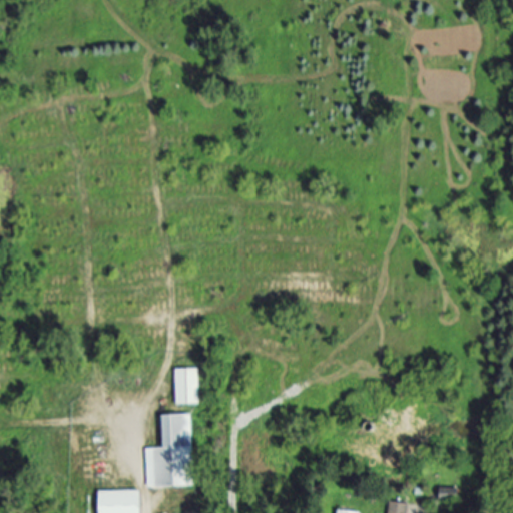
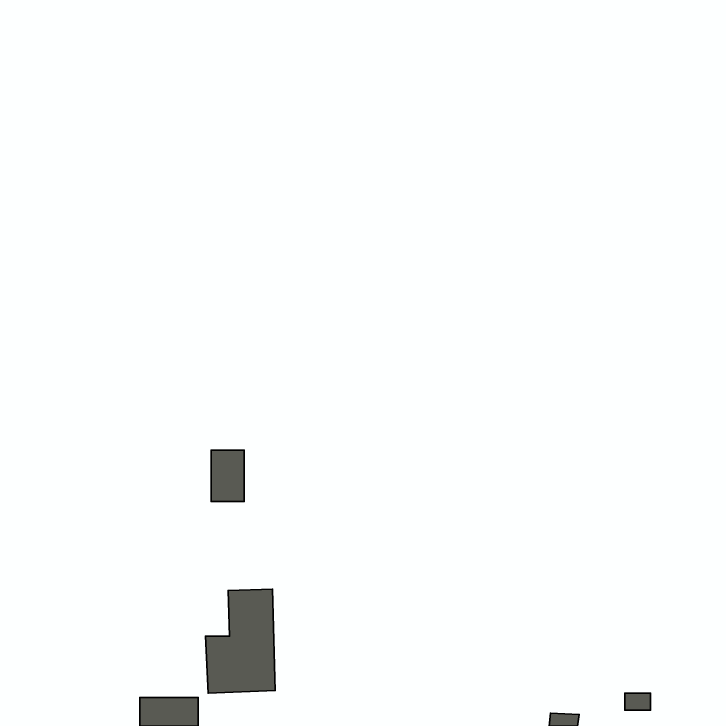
building: [174,368,197,404] -> [211,450,244,502]

